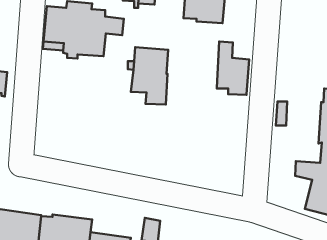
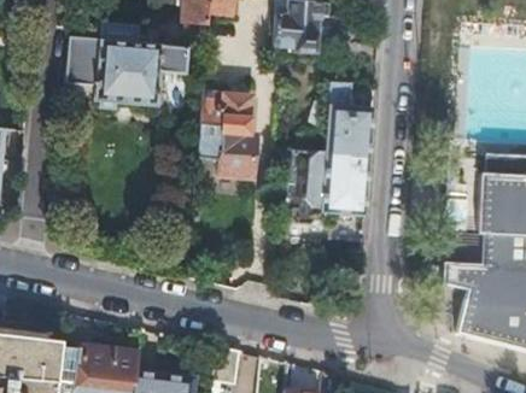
building: none -> [284,149,369,225]

